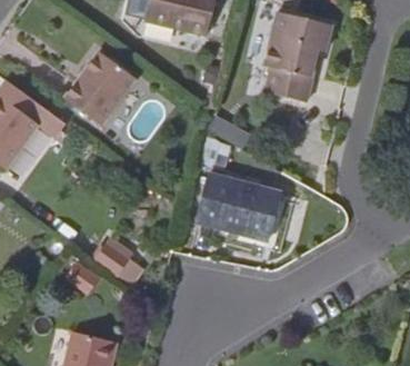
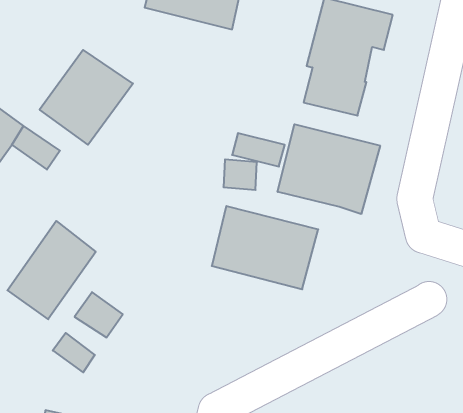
building: none -> [278,124,380,214]
building: none -> [7,221,96,319]

